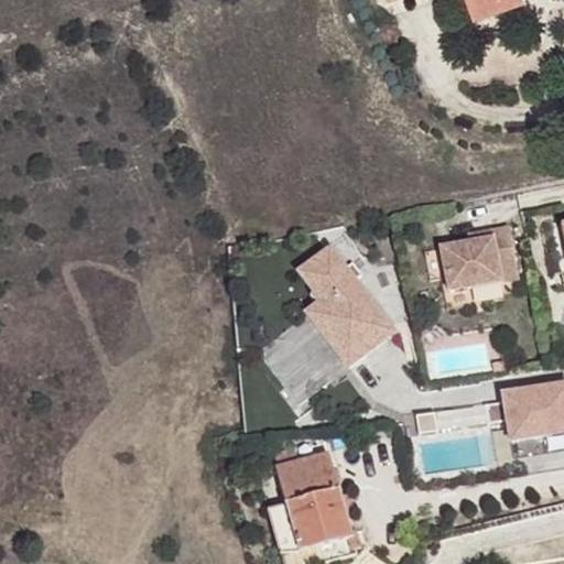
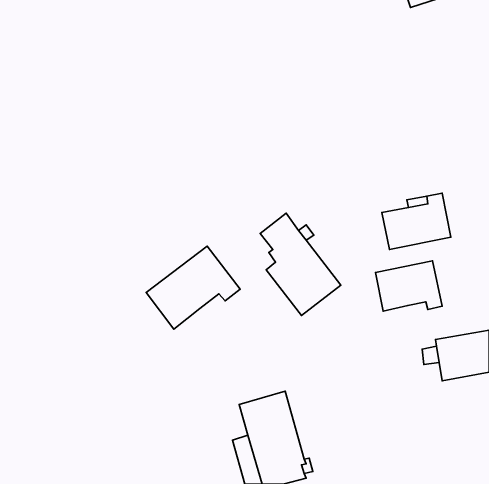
building: none -> [146,246,240,329]
building: none -> [375,261,442,311]

